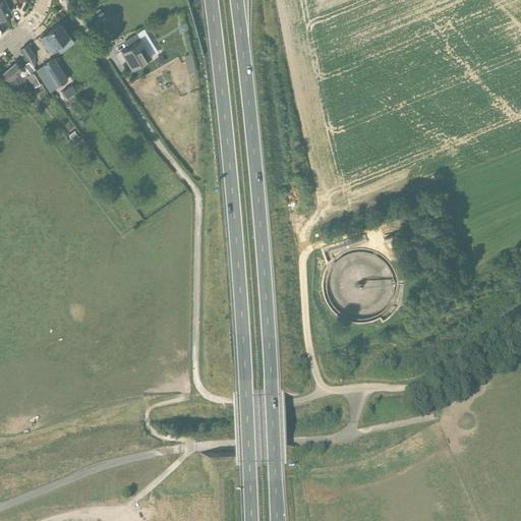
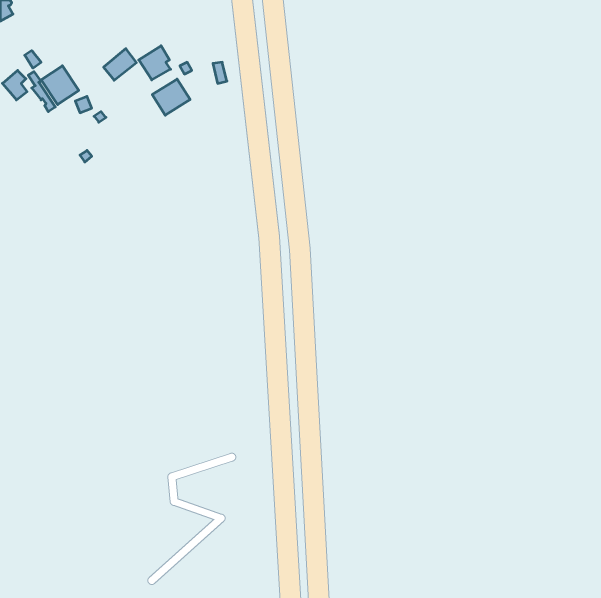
building: [41,24,69,52] -> [104,49,136,80]
building: none -> [152,79,190,115]

